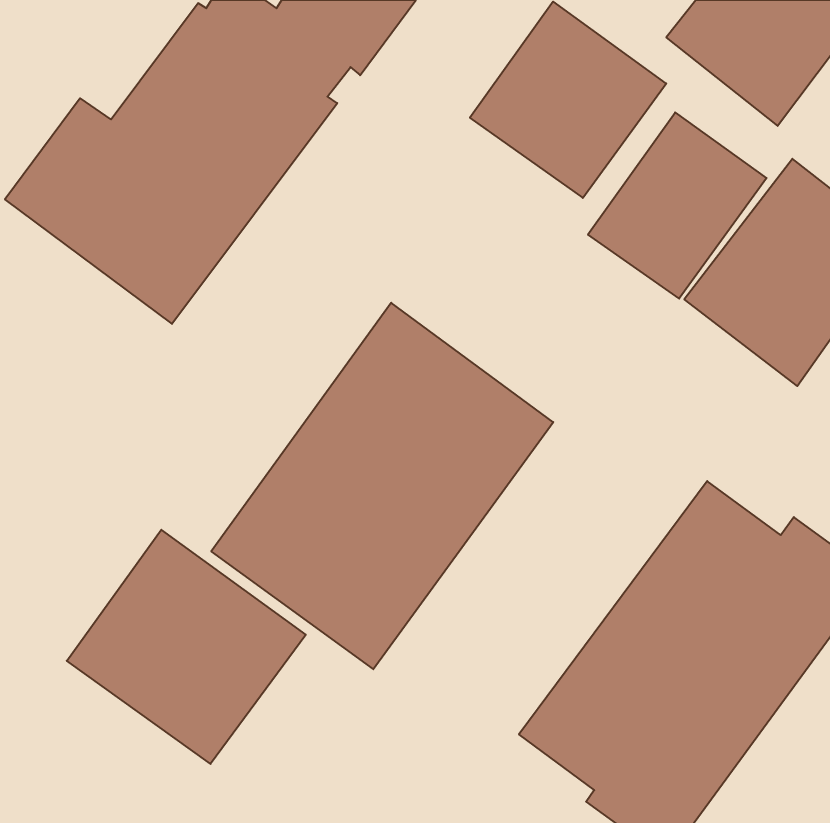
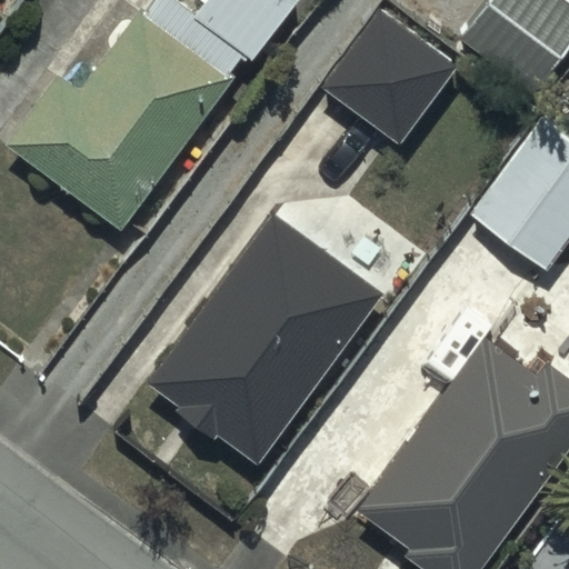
building: [588,112,767,299] -> none
building: [67,530,306,764] -> none

